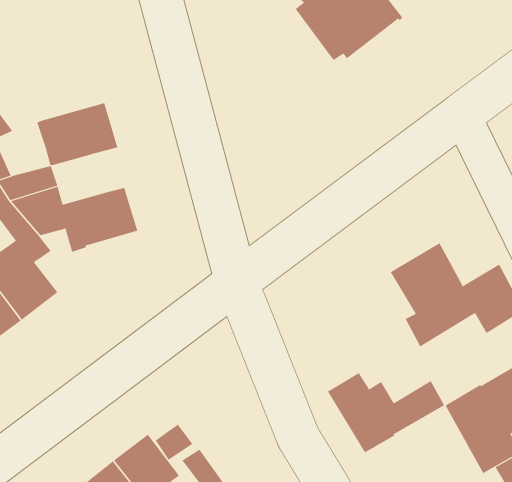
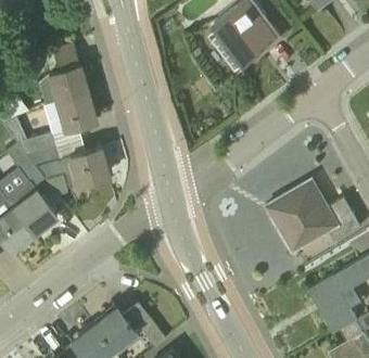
building: none -> [38,43,87,104]
building: [327,372,445,453] -> none

